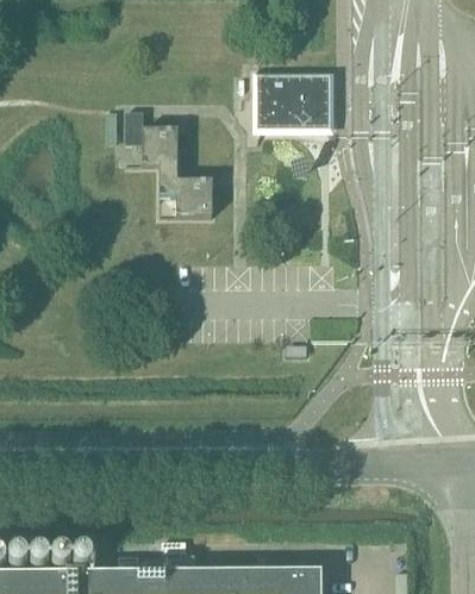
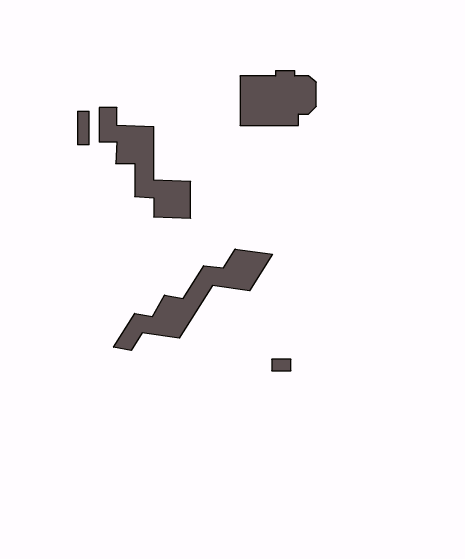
building: none -> [114,249,272,350]

